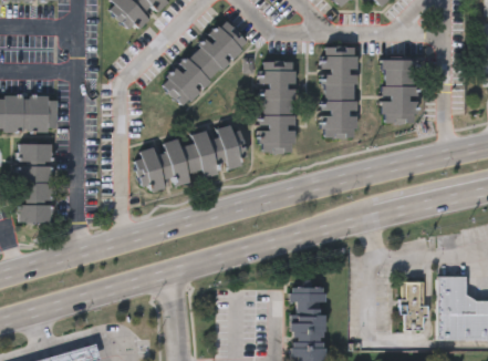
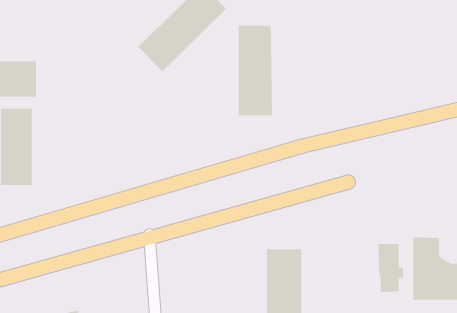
building: [322,45,356,137] -> none
building: [382,59,416,123] -> none
building: [133,123,248,193] -> none

